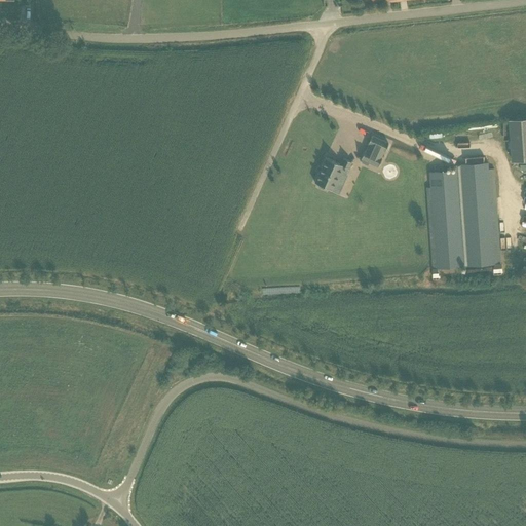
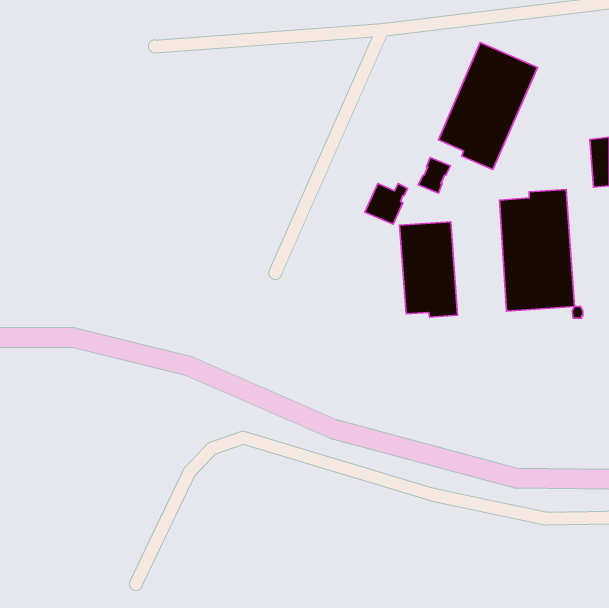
building: none -> [439,43,537,170]
building: none -> [399,222,457,317]

